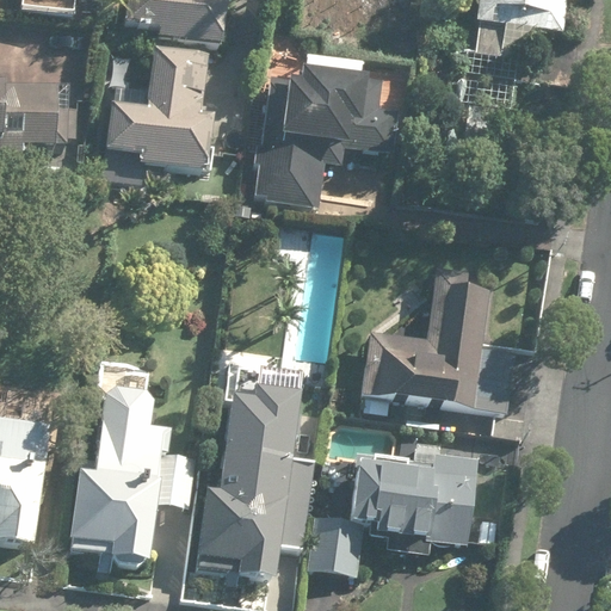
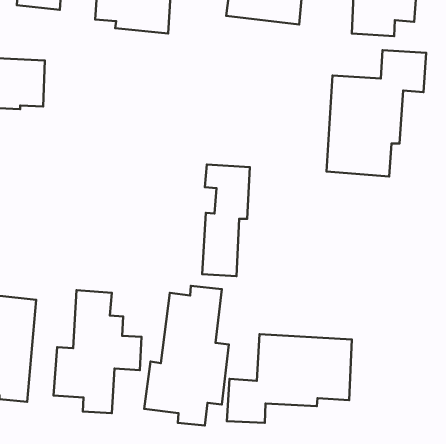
building: [106,48,214,169] -> none
building: [248,67,394,197] -> none
building: none -> [326,50,426,176]
building: [360,282,511,412] -> none

